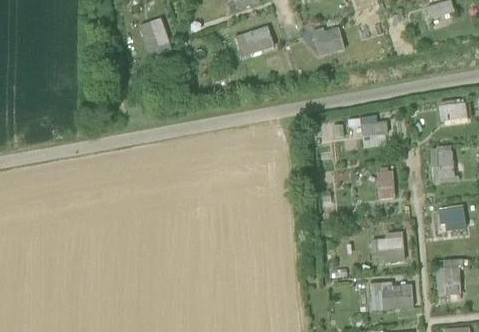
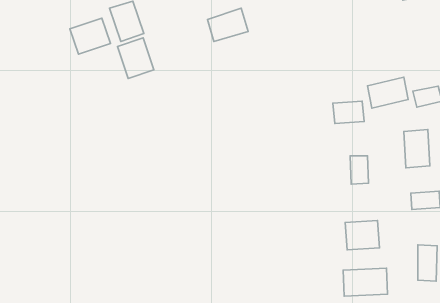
building: [310,25,343,56] -> none
building: none -> [70,18,110,54]
building: none -> [118,38,154,78]
building: none -> [367,77,408,108]

